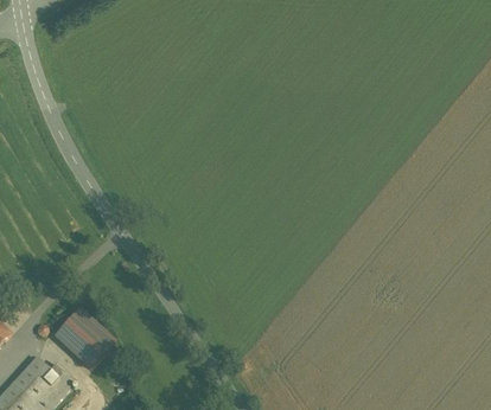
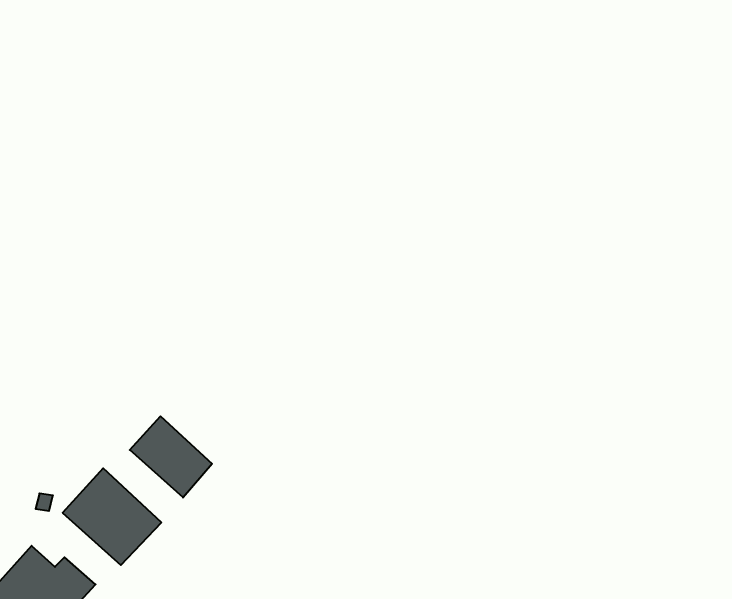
building: none -> [130,416,212,498]

